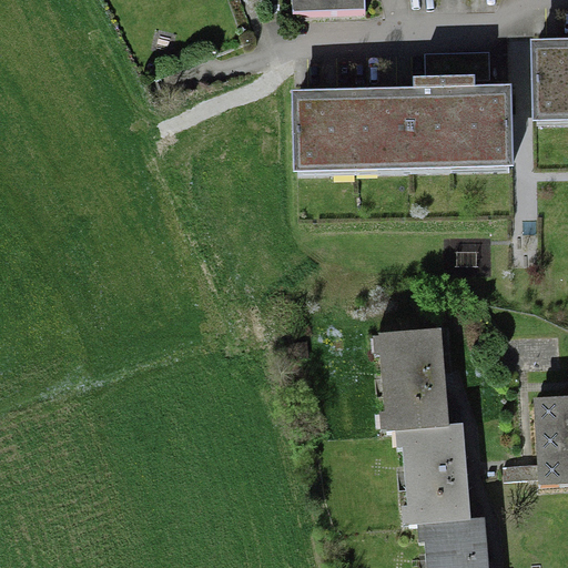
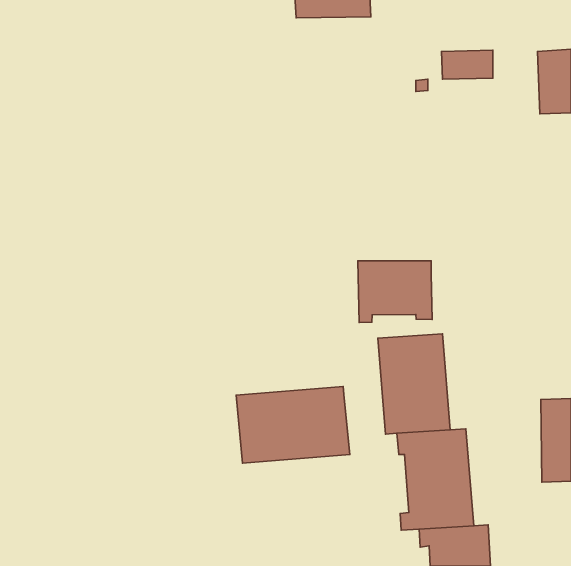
building: [296,94,510,163] -> none
building: none -> [358,261,432,323]
building: none -> [236,387,350,463]

